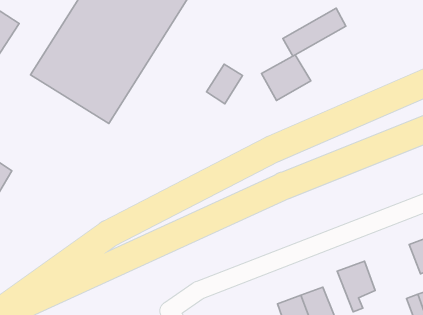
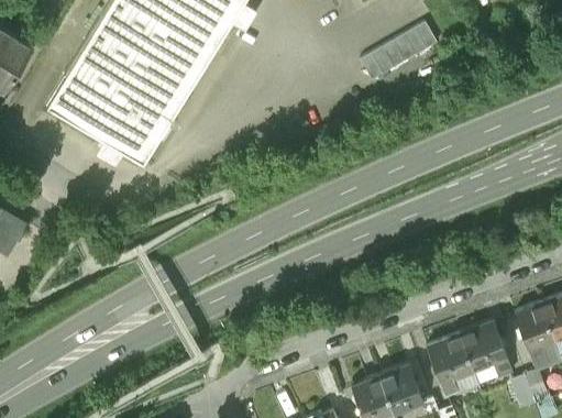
building: [262,55,311,100] -> none
building: [206,64,243,104] -> none
building: none -> [460,323,511,378]

